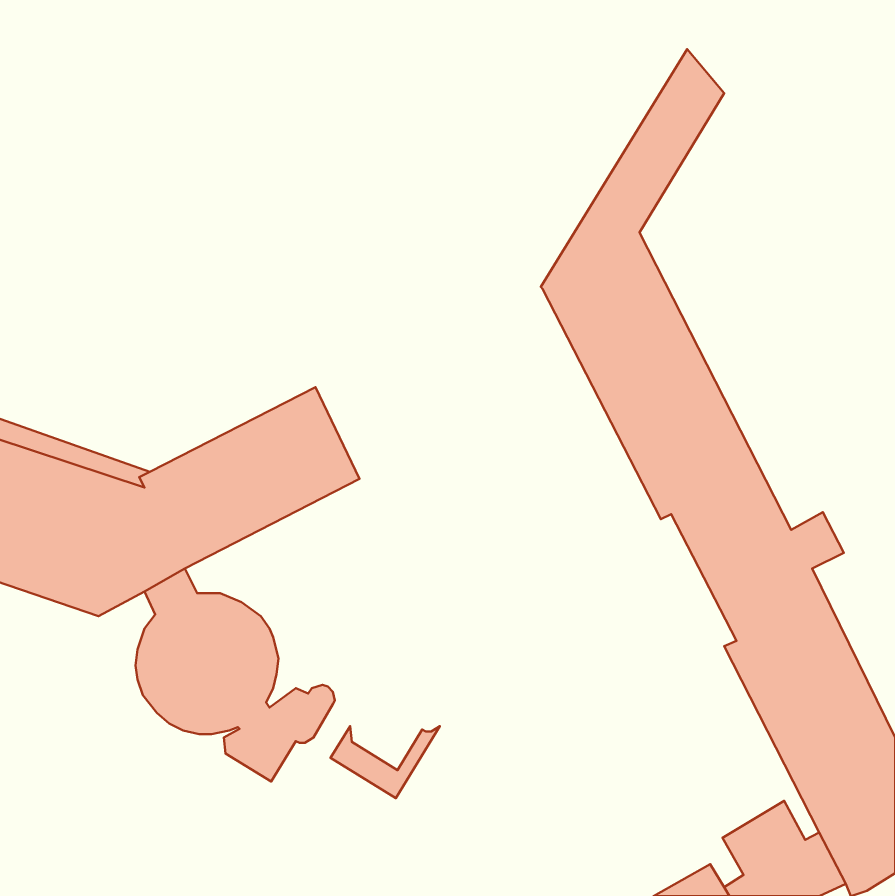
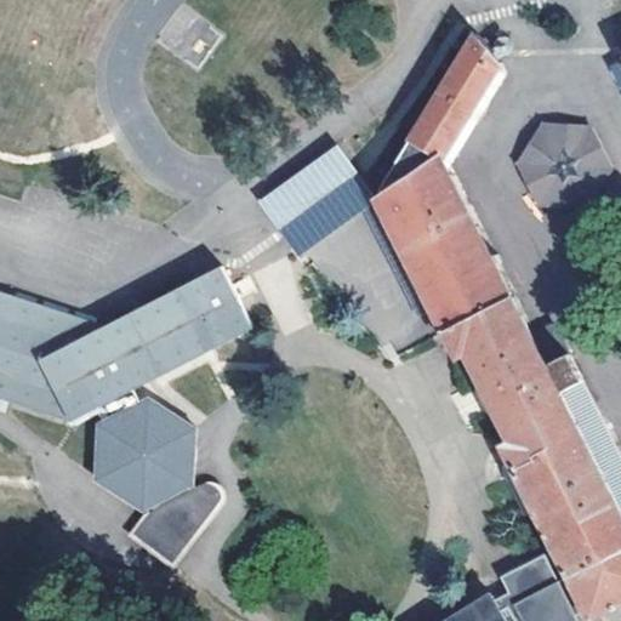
building: none -> [519,126,608,203]
building: none -> [258,144,429,315]
building: [331,726,440,798] -> [141,508,216,558]

